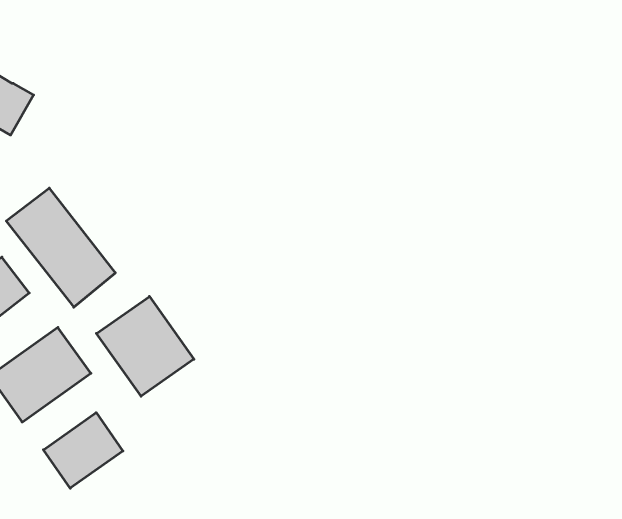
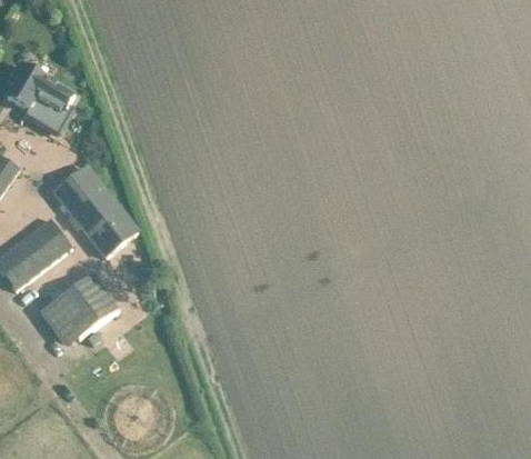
building: [96,296,194,396] -> none
building: [43,413,123,488] -> none

